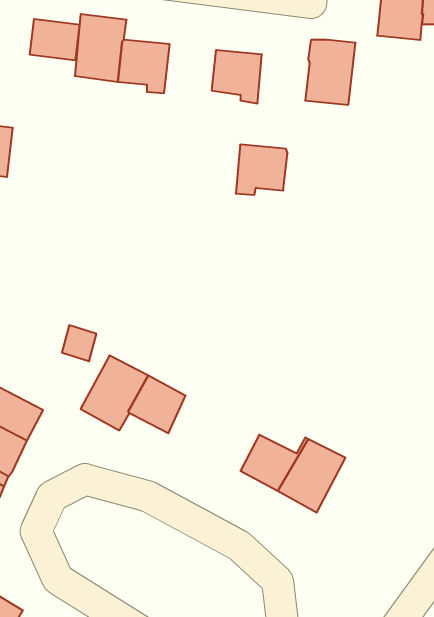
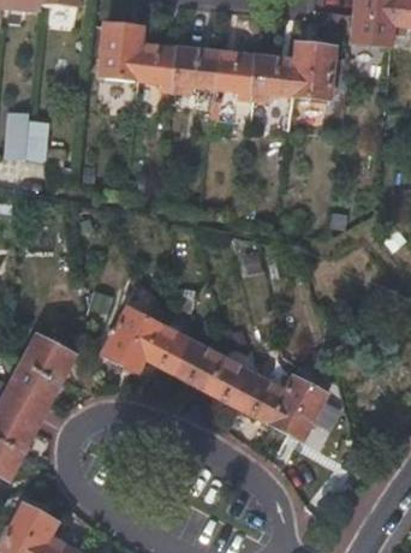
building: [30,19,80,60] -> none
building: none -> [174,49,218,91]
building: [236,145,288,195] -> [252,58,296,100]
building: none -> [178,343,254,405]

